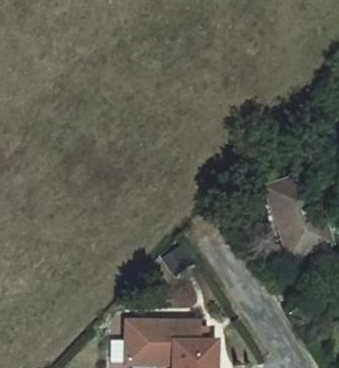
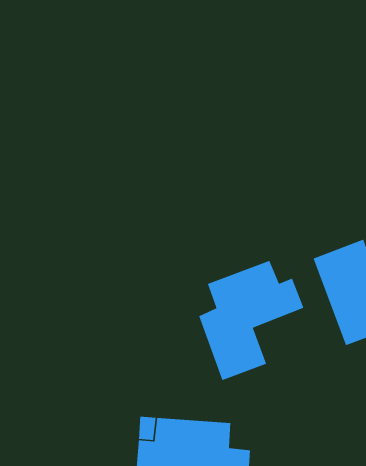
building: none -> [198,260,304,381]

